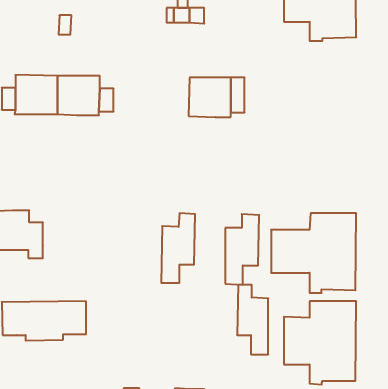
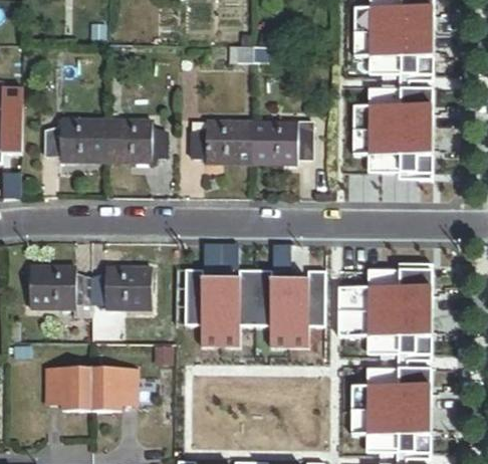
building: none -> [353,88,433,177]
building: none -> [189,120,250,163]
building: none -> [89,266,150,309]
building: none -> [184,268,220,345]
building: [237,285,268,354] -> [255,270,289,346]

